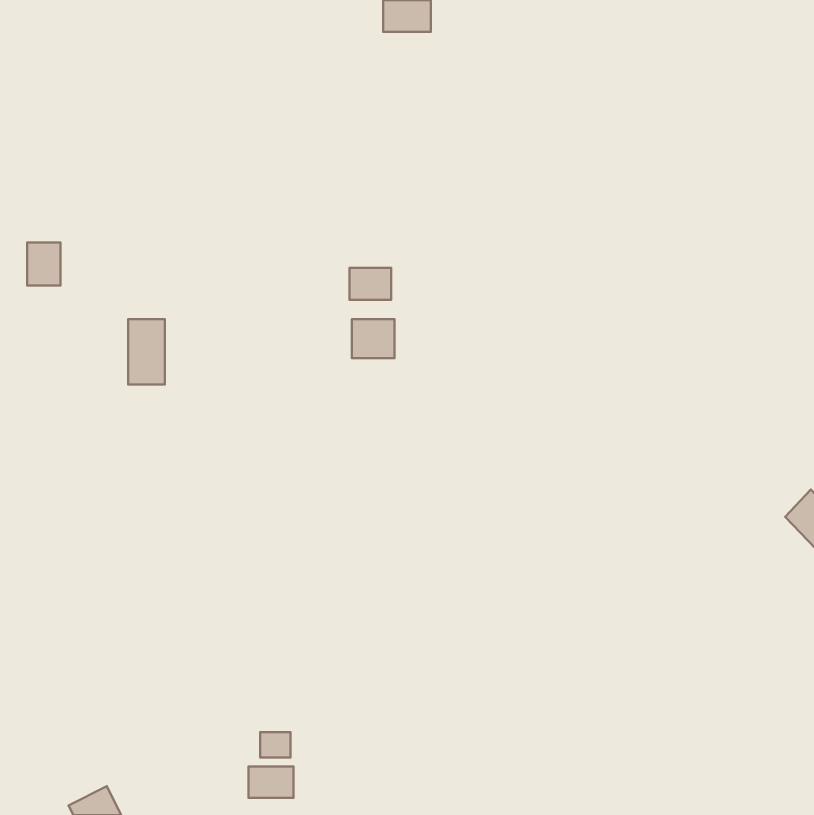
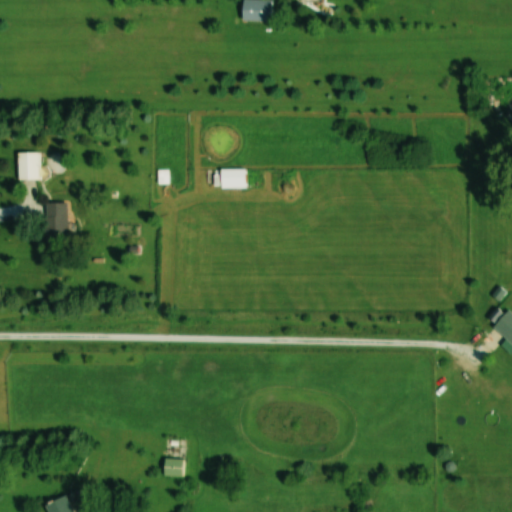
building: [352,319,394,358] -> none
building: [128,319,165,384] -> [45,202,68,243]
building: [249,766,294,798] -> none

